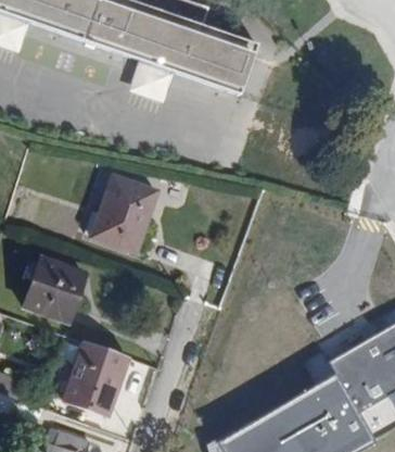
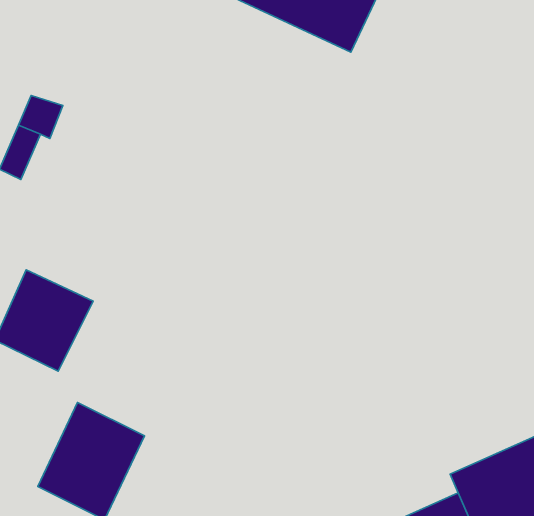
building: [88,175,156,253] -> none

